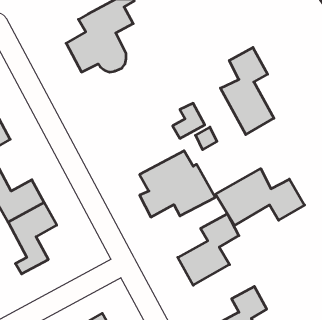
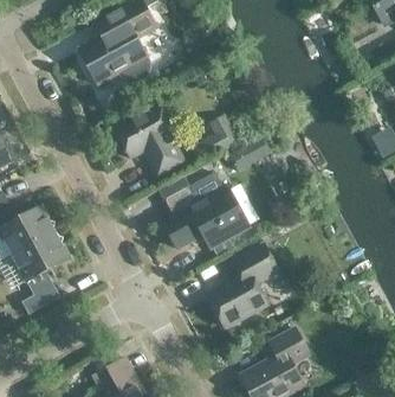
building: [220,47,274,135] -> none
building: none -> [114,105,183,175]
building: [216,169,305,226] -> none

